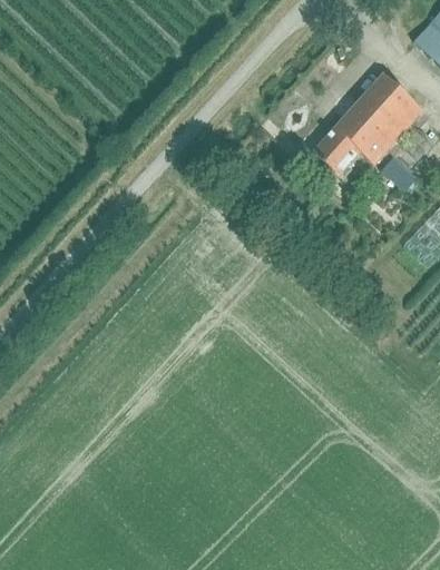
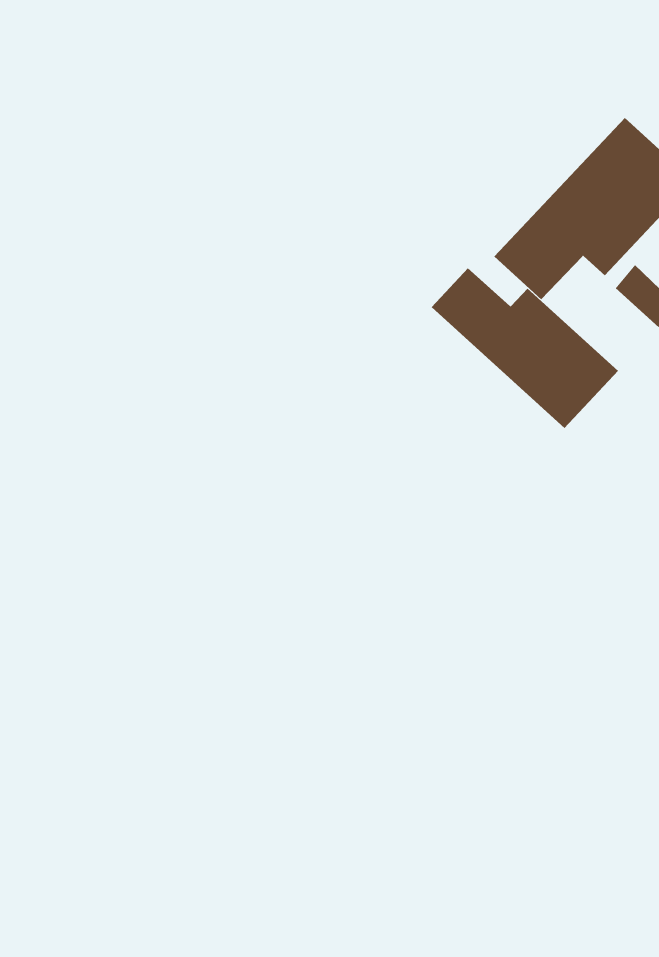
building: none -> [431,268,619,429]

